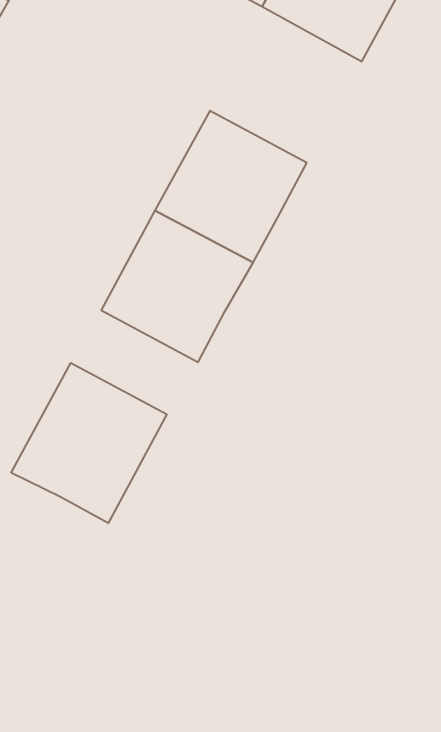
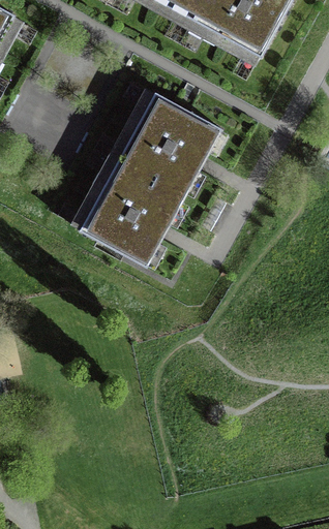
building: [11,363,167,523] -> none

